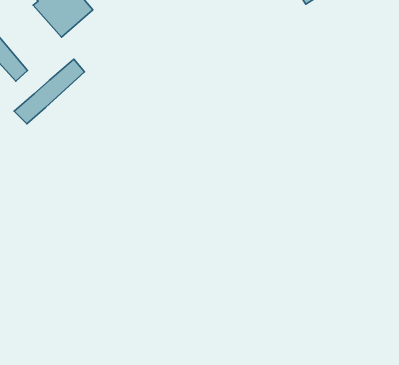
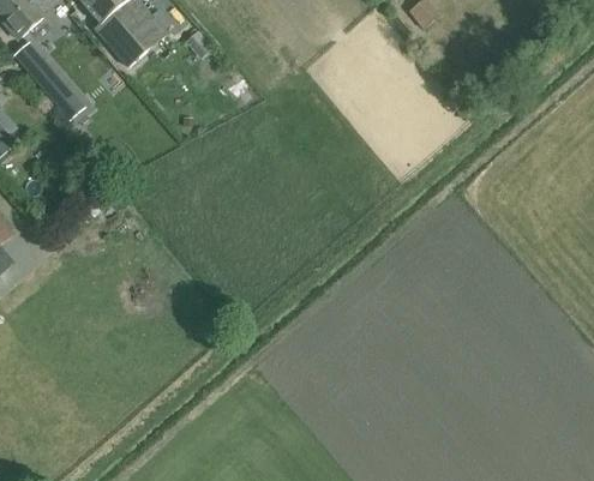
building: [14,59,84,124] -> none

